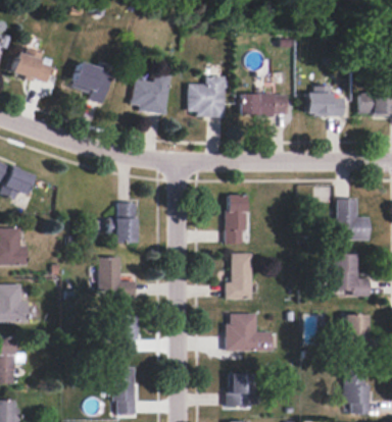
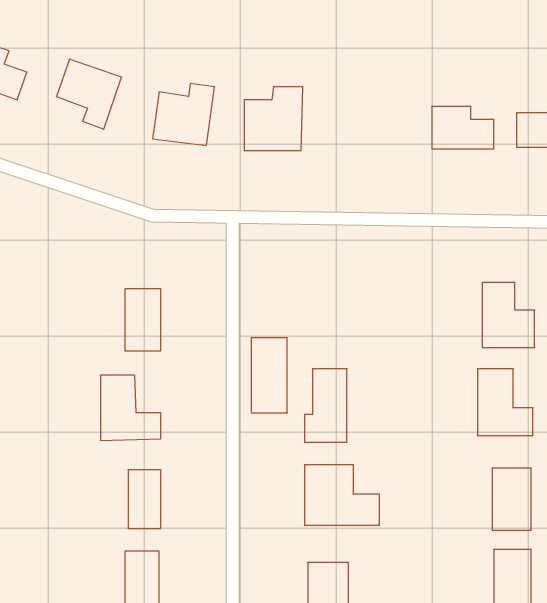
building: [241,93,289,116] -> none
building: [226,195,248,242] -> [251,338,287,413]

